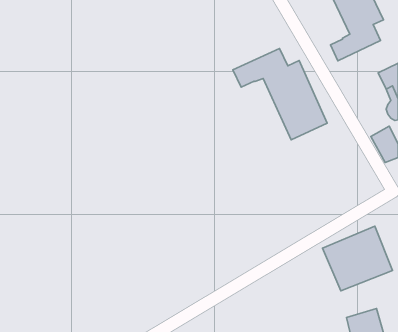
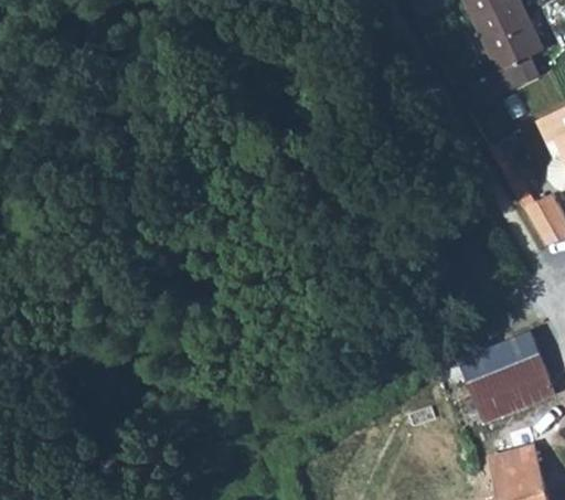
building: [233,49,327,140] -> none

